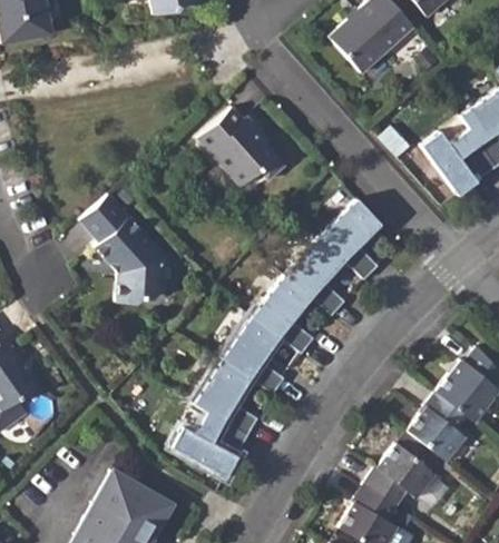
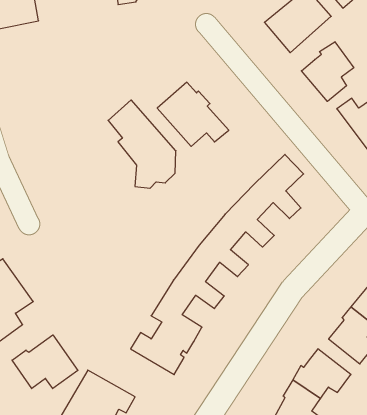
building: none -> [301,42,354,101]
building: [80,195,165,305] -> [108,100,176,188]
building: none -> [12,335,78,389]

